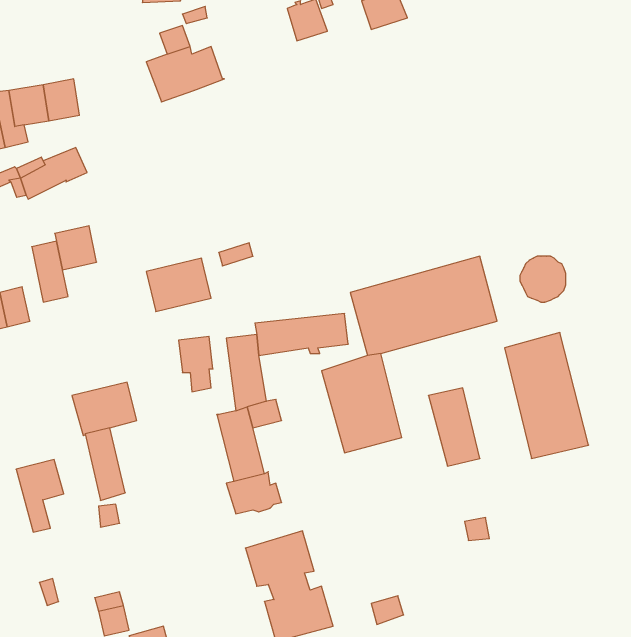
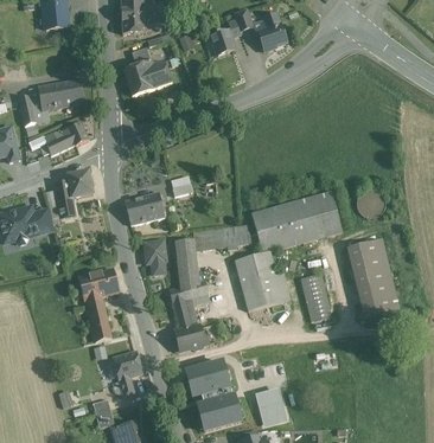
building: [16,460,64,532] -> [113,351,142,396]

